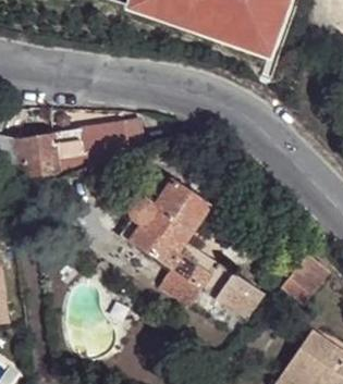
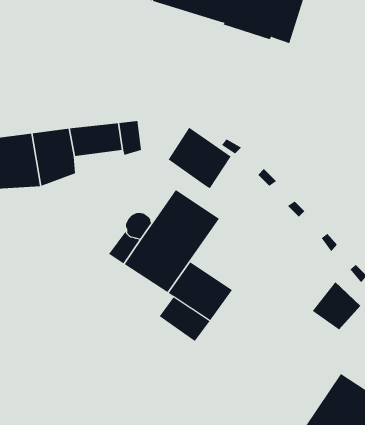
building: none -> [168,127,231,189]
building: [203,260,264,315] -> none

